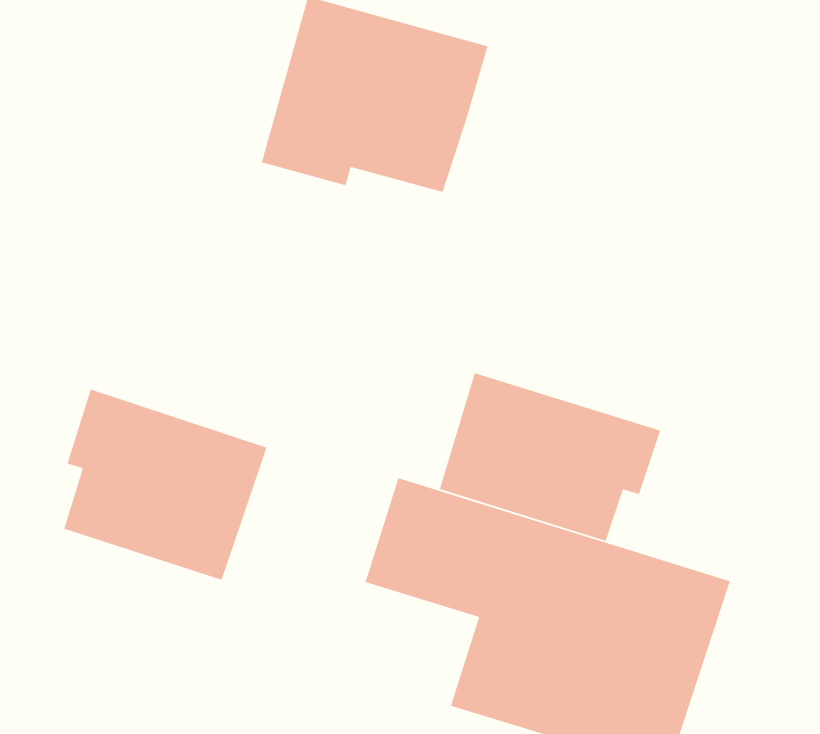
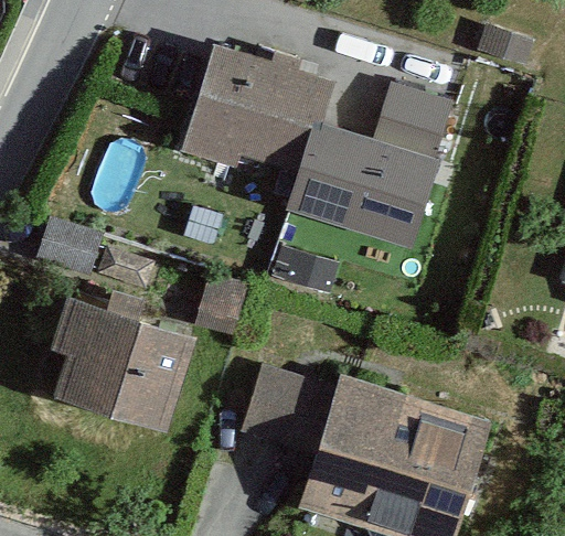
building: none -> [289,82,456,245]
building: [439,372,661,542] -> none

